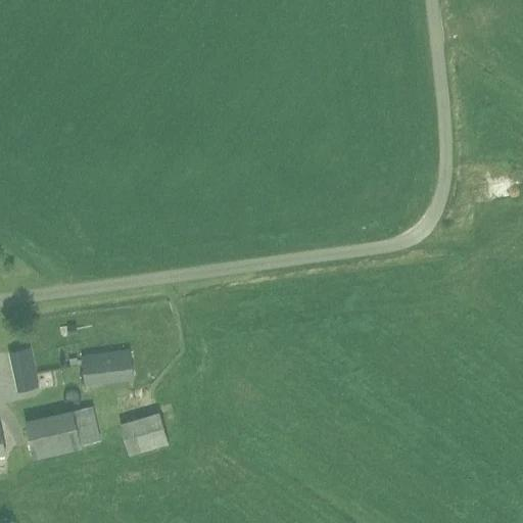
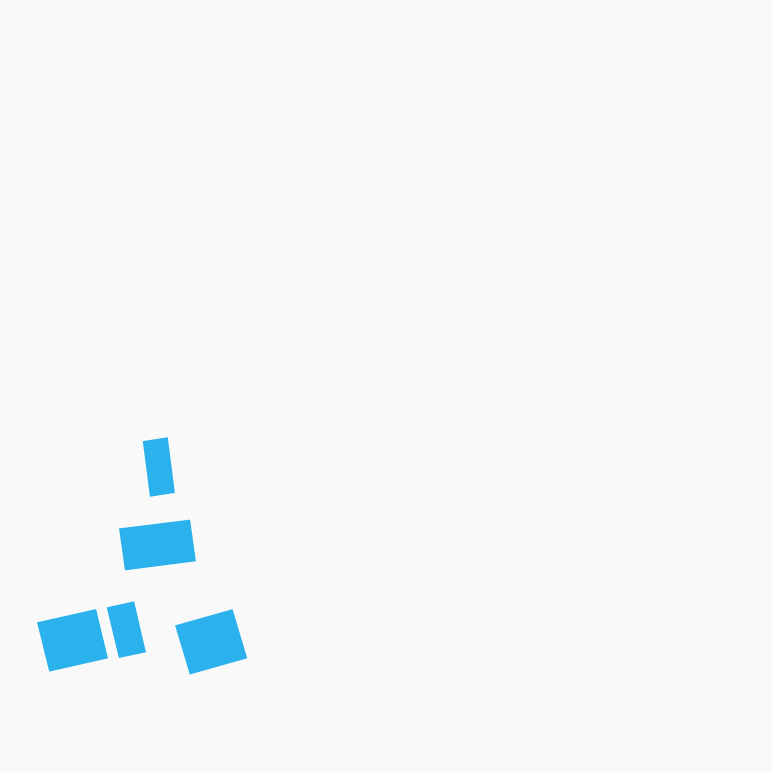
building: none -> [142,436,175,497]
building: [13,347,38,387] -> none

